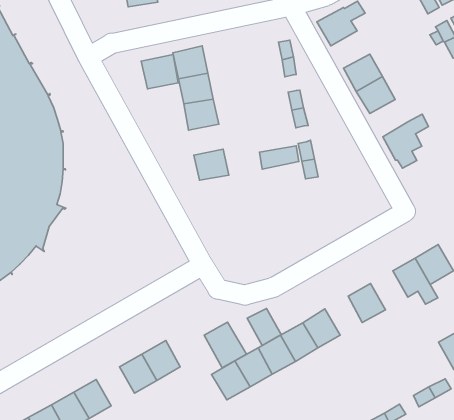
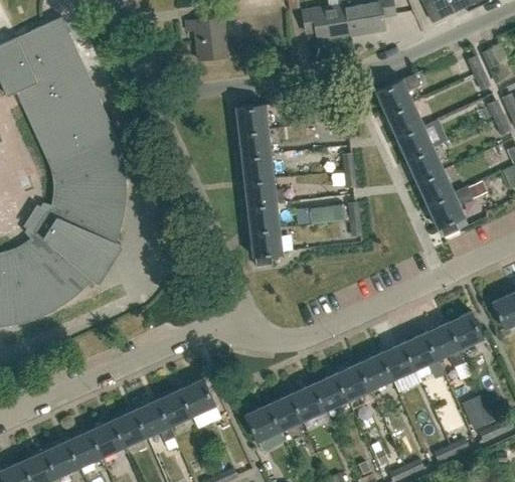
building: none -> [386,103,422,137]
building: [141,54,178,89] -> none
building: none -> [417,171,453,205]
building: none -> [244,179,276,206]
building: none -> [250,228,282,266]
building: none -> [403,333,438,369]
building: none -> [358,353,392,389]
building: [247,309,281,346] -> none
building: [204,322,246,368] -> none
building: none -> [136,400,175,443]

